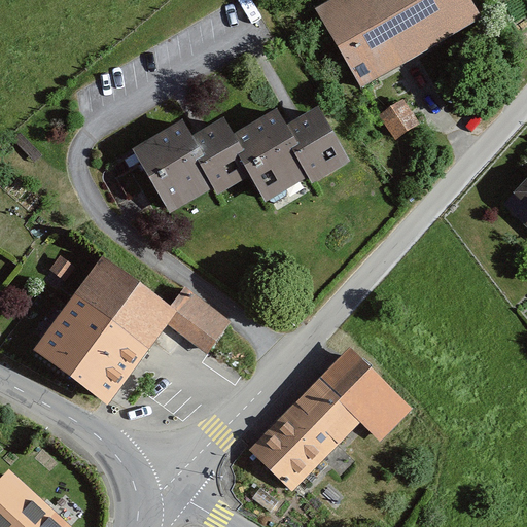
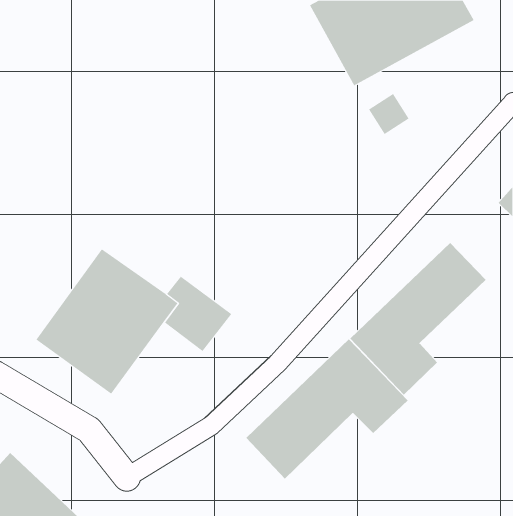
building: [118,109,336,216] -> none
building: none -> [350,242,487,396]

